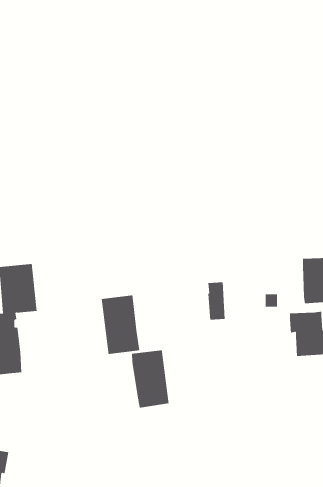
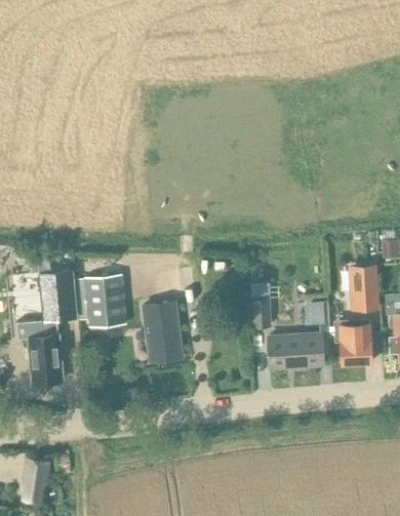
building: none -> [85,275,127,328]
building: none -> [268,335,323,369]
building: [131,349,169,409] -> none

